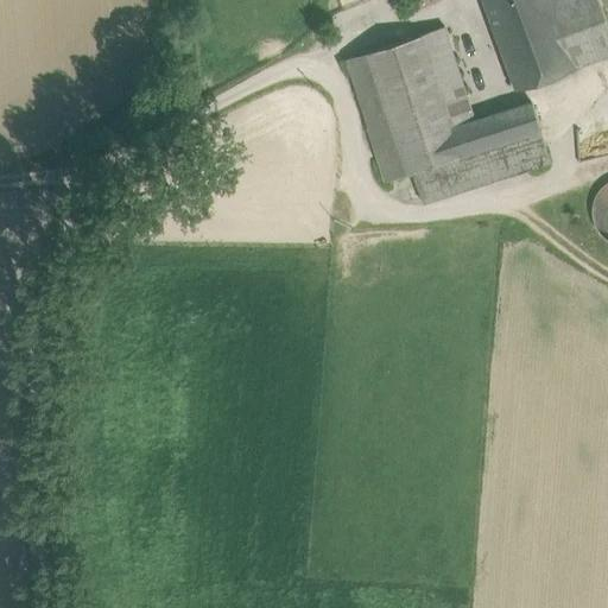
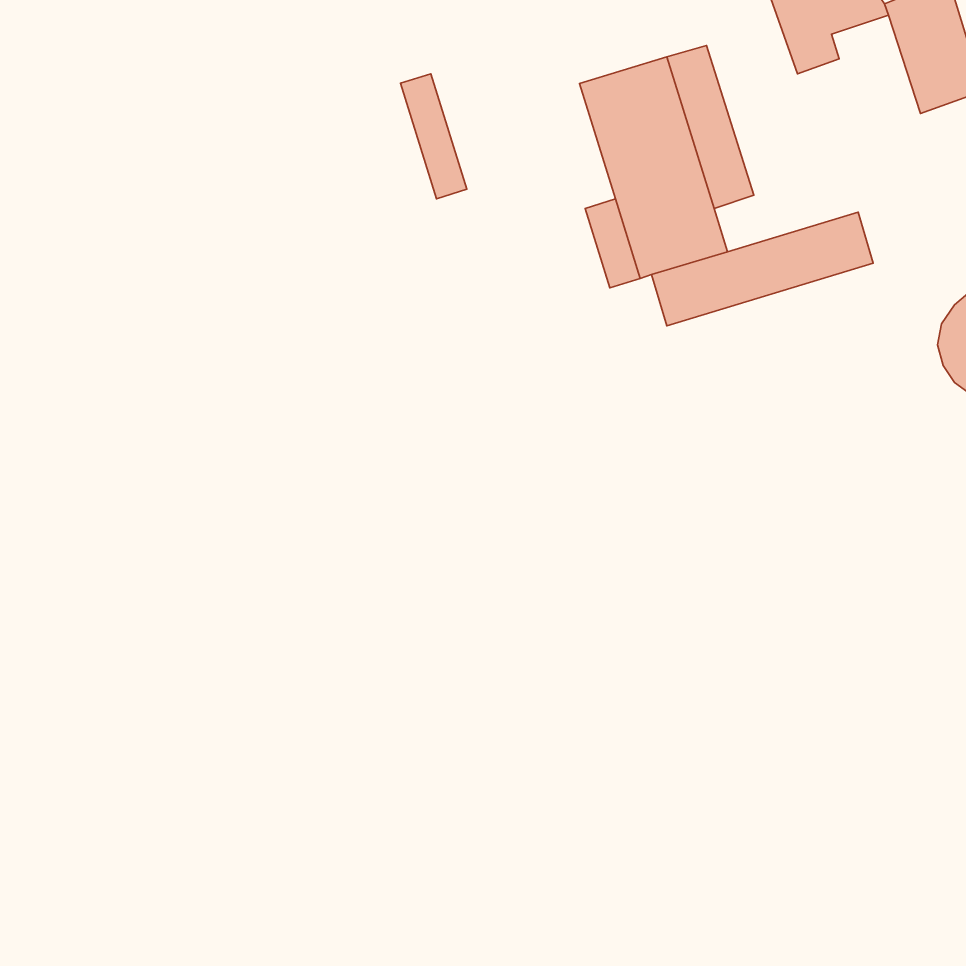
building: [501,10,578,91] -> none
building: [346,52,387,131] -> [401,74,467,199]
building: [449,106,539,158] -> none

